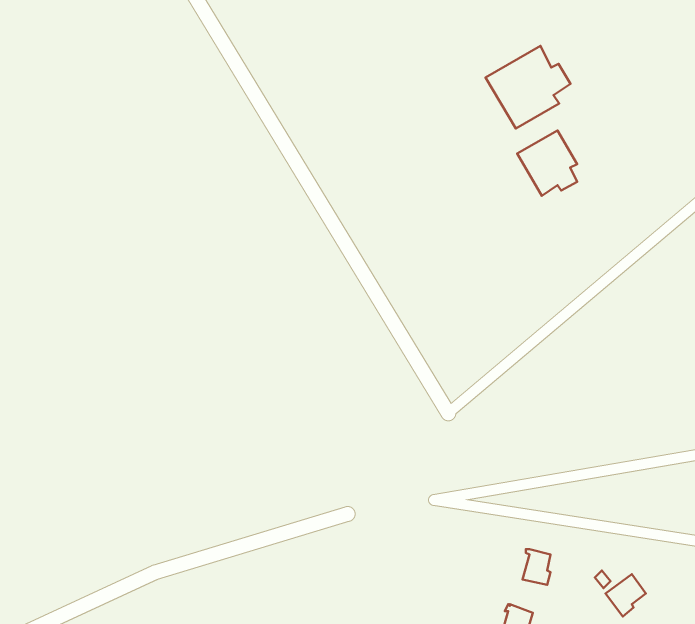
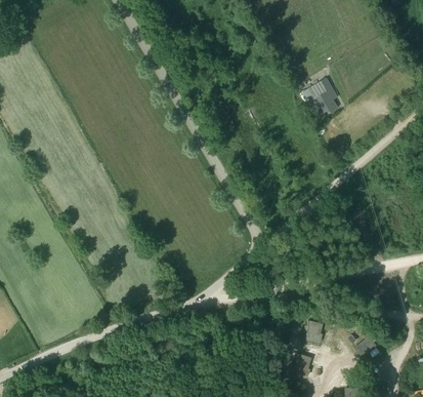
building: [486,46,570,128] -> none

